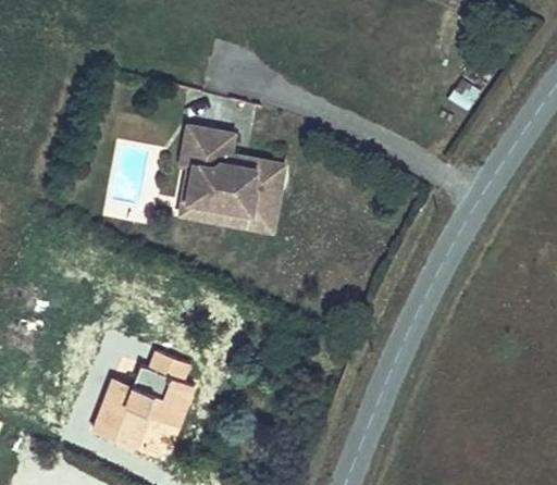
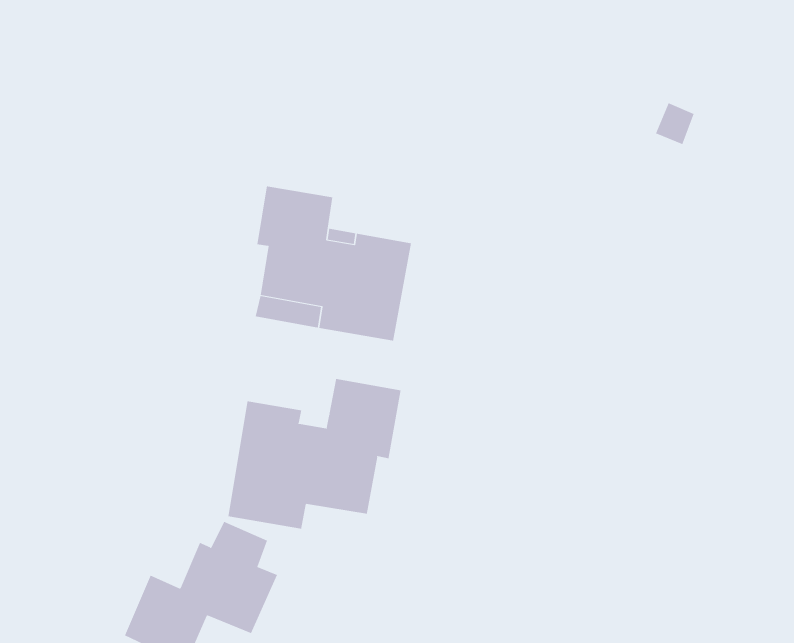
building: none -> [228,378,401,530]

